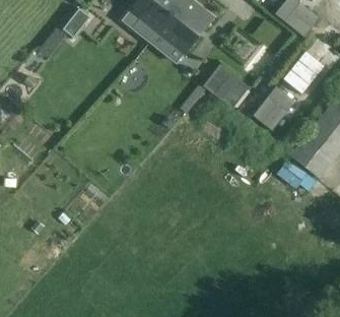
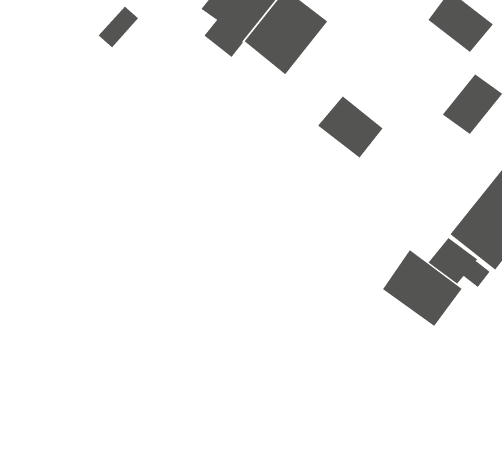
building: [255,90,296,134] -> none
building: none -> [382,249,462,327]

